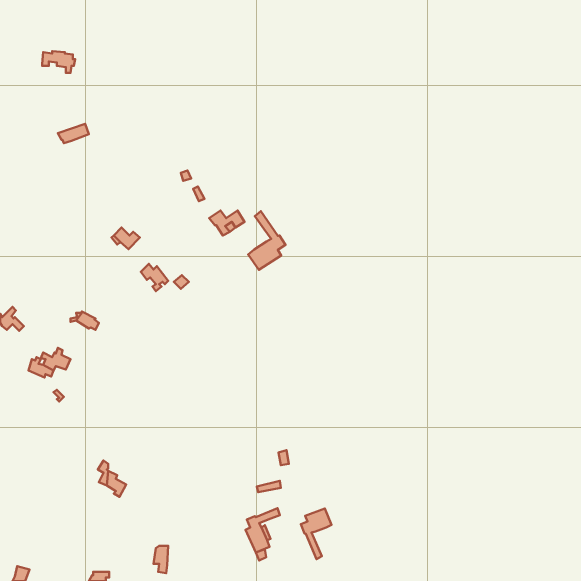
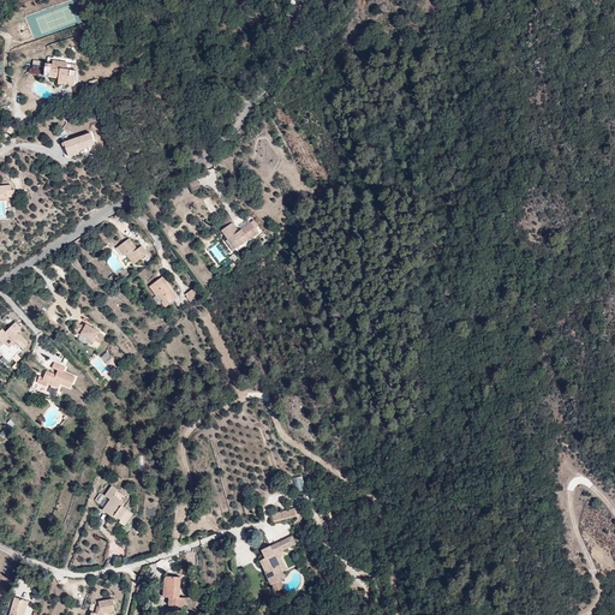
building: [248,211,286,270] -> none
building: [301,509,331,559] -> none

